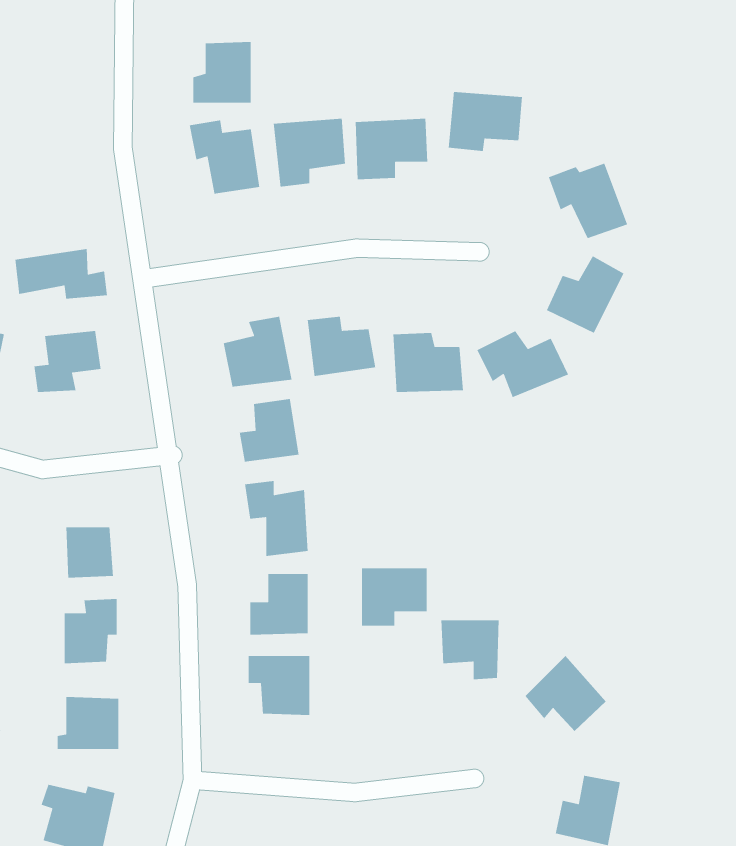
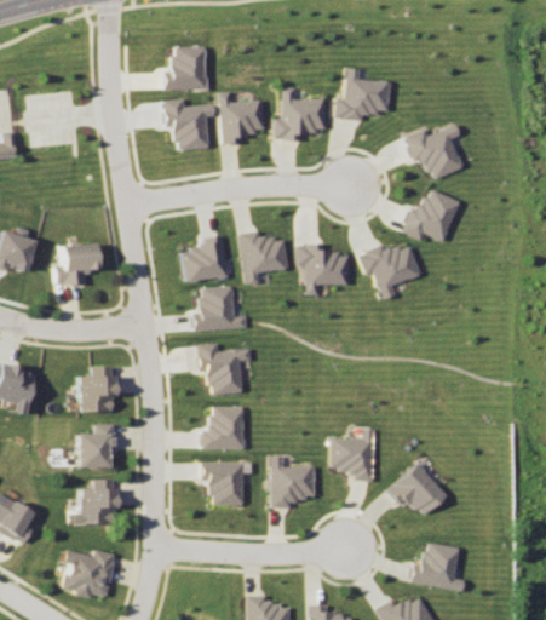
building: [15,248,108,300] -> none
building: [361,568,427,627] -> [272,467,317,507]

